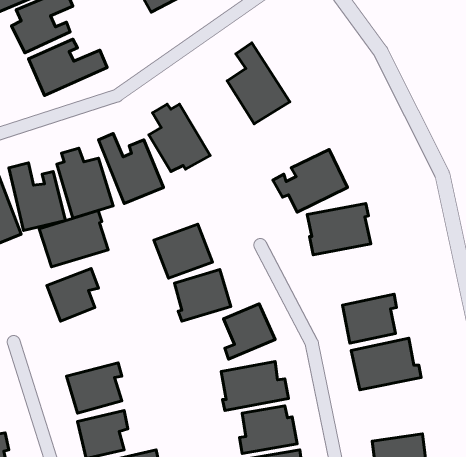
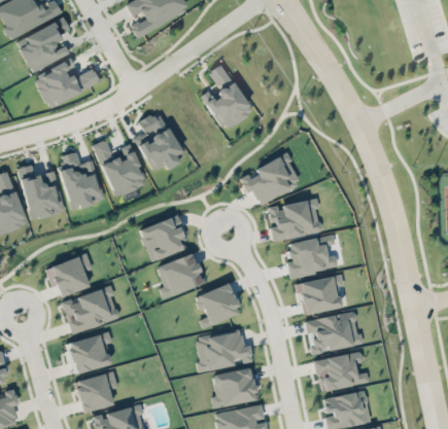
building: [39,210,108,267] -> [62,285,119,332]
building: none -> [286,235,338,277]
building: none -> [313,351,369,392]

